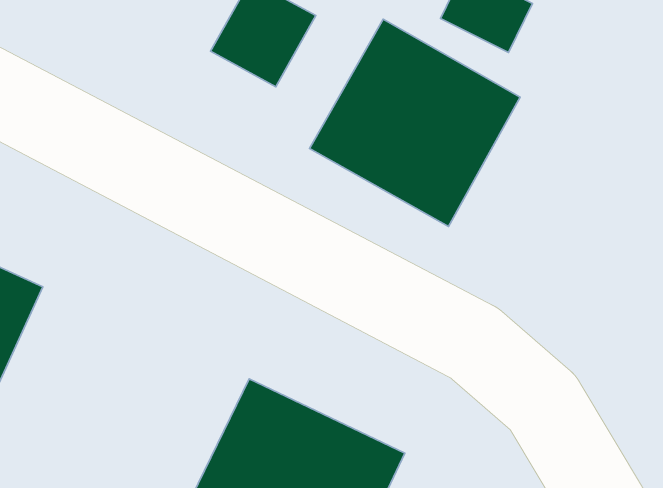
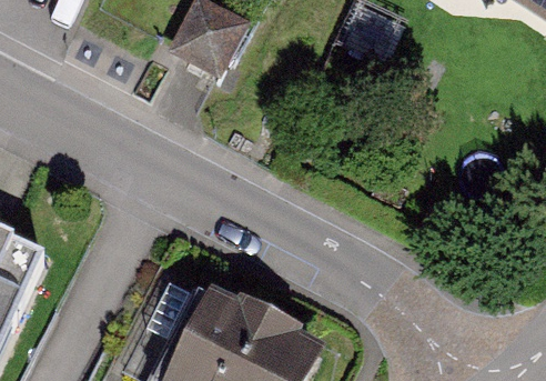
building: [309,19,520,227] -> none

